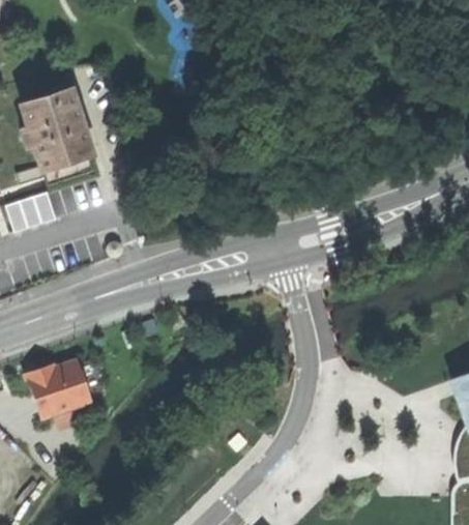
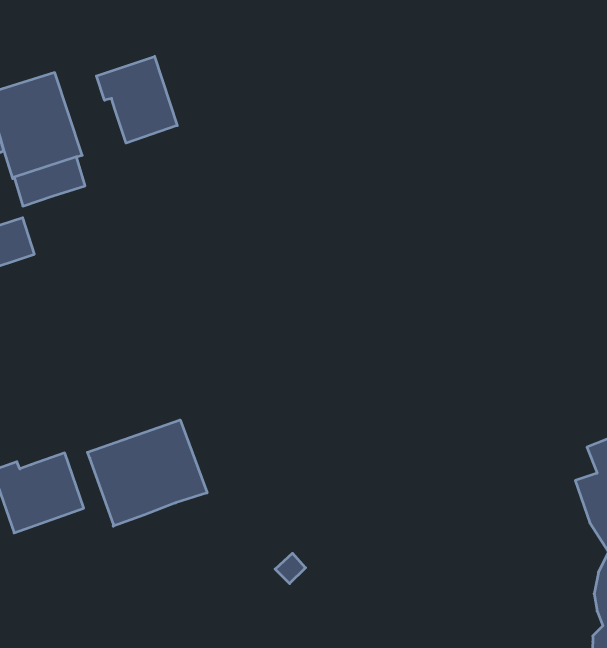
building: none -> [96,56,177,143]
building: none -> [87,420,207,526]

